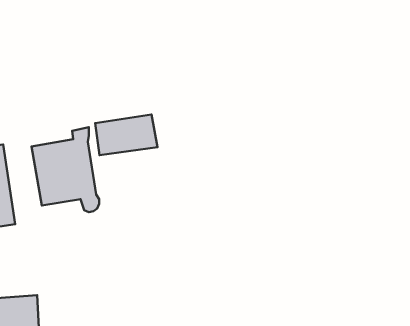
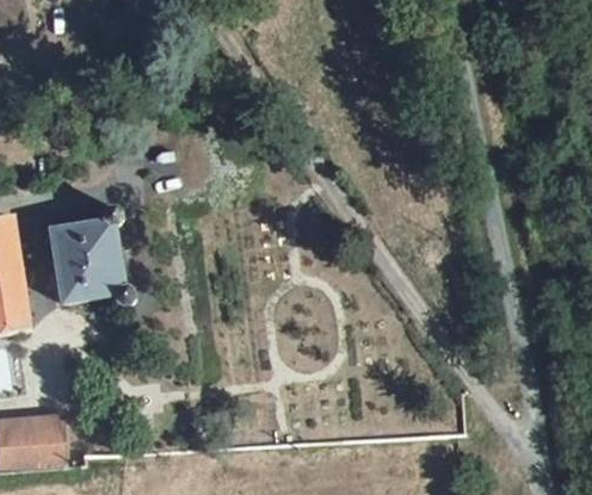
building: [95,115,157,155] -> none

